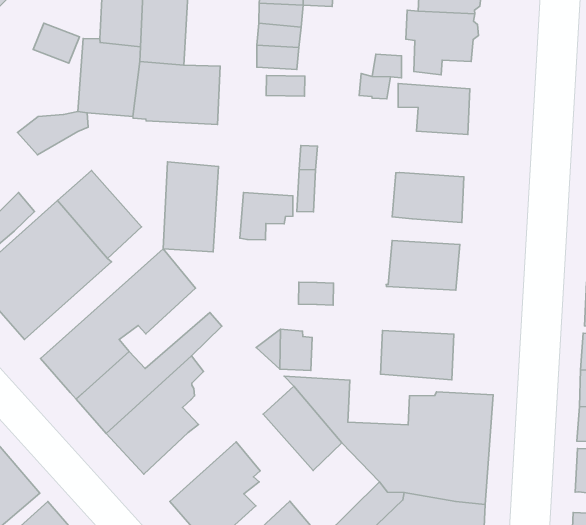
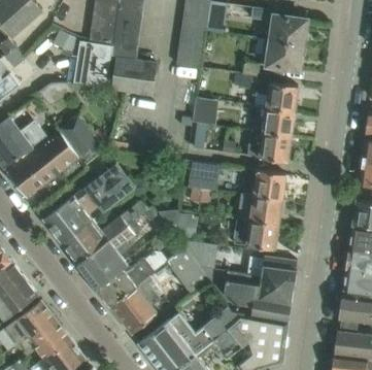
building: none -> [253,106,294,135]
building: [163,162,218,252] -> none
building: [240,192,293,240] -> [188,161,219,189]
building: none -> [237,194,280,224]
building: none -> [96,258,155,306]

